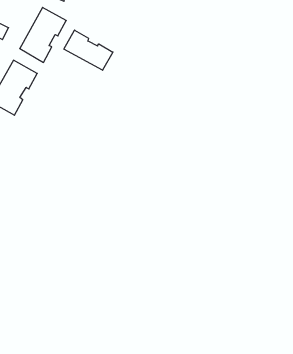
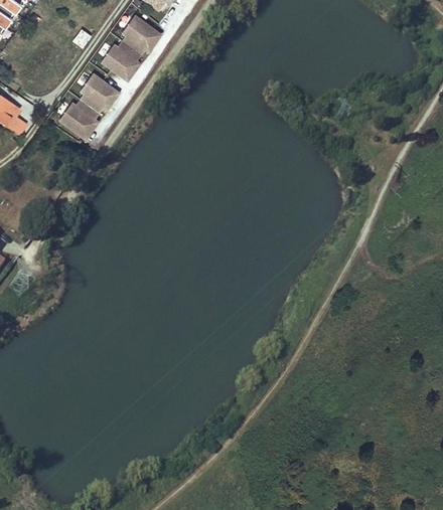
building: [64,30,113,70] -> none

